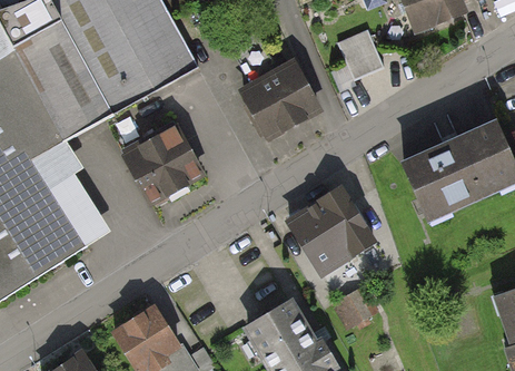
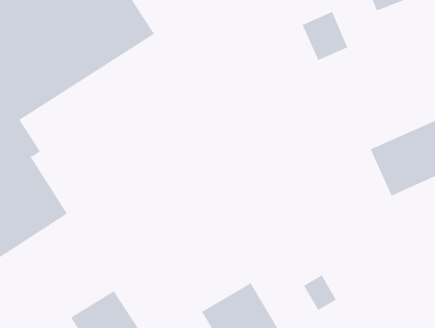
building: [237,60,321,141] -> none
building: [122,129,198,202] -> none
building: [283,187,378,281] -> none

